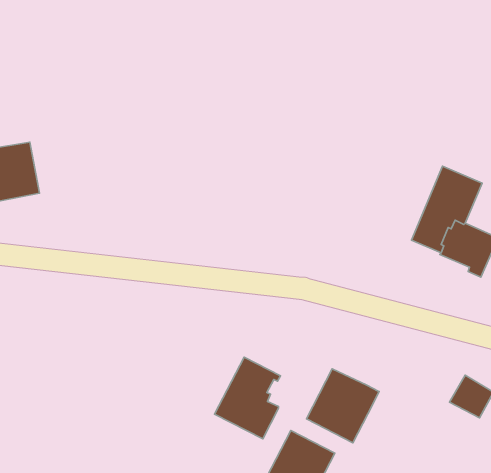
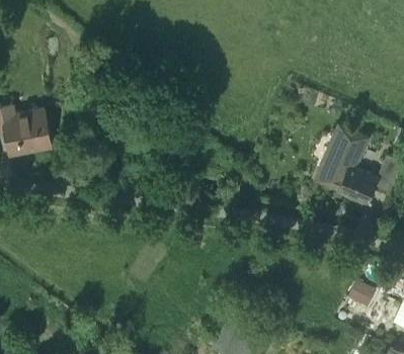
building: [215,357,280,439] -> none
building: [306,369,379,443] -> none

